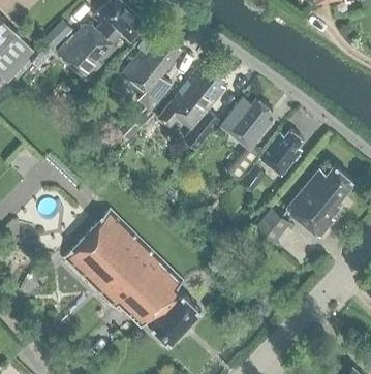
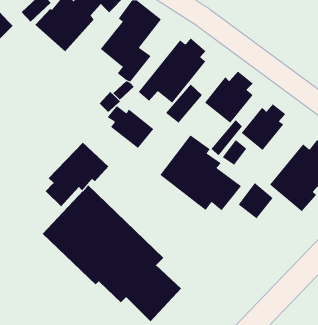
building: none -> [107,105,154,149]
building: none -> [159,134,242,211]
building: none -> [45,142,109,207]

